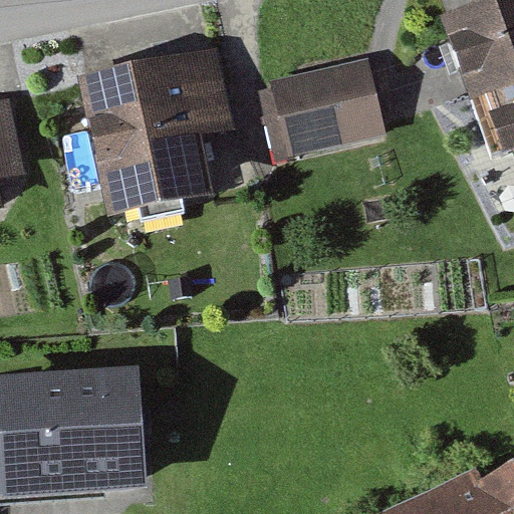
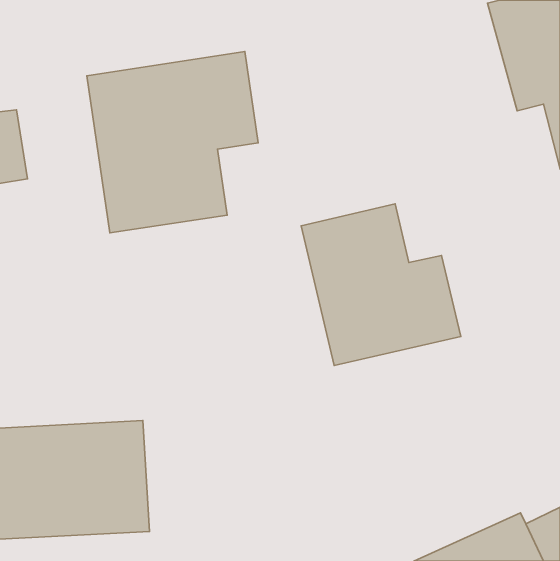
building: [265,62,391,164] -> none
building: none -> [301,204,461,366]

